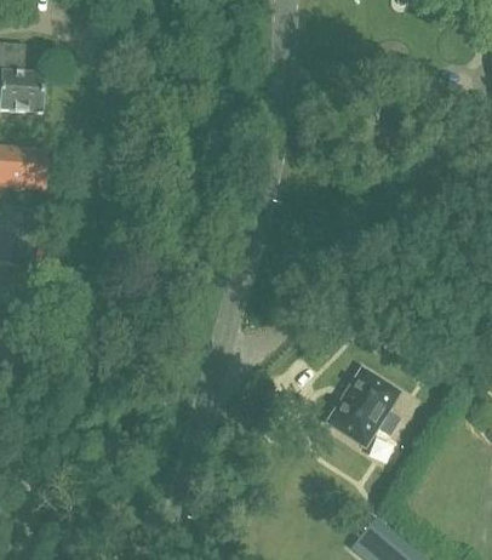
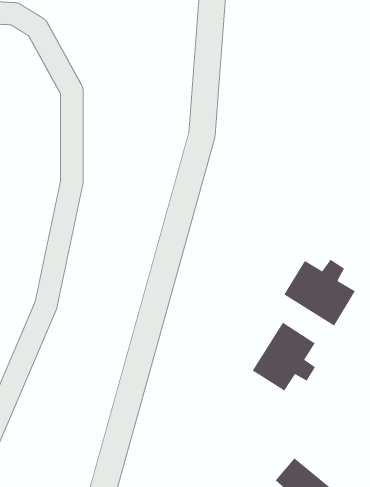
building: none -> [283,259,356,327]

